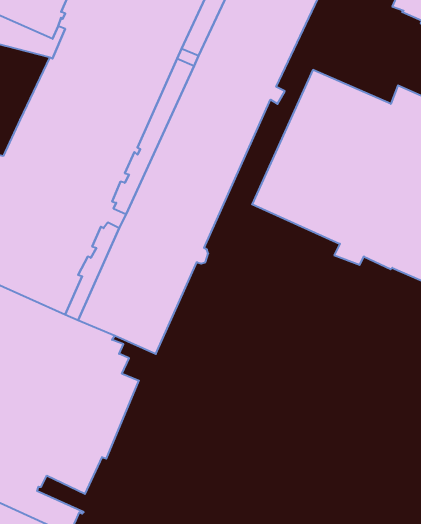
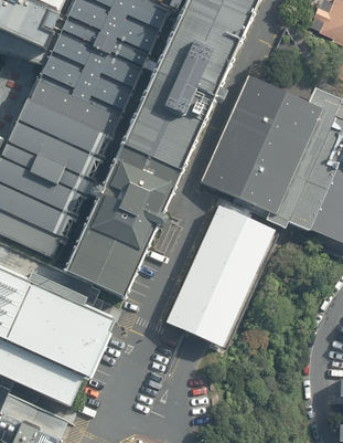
building: none -> [165,205,275,347]

